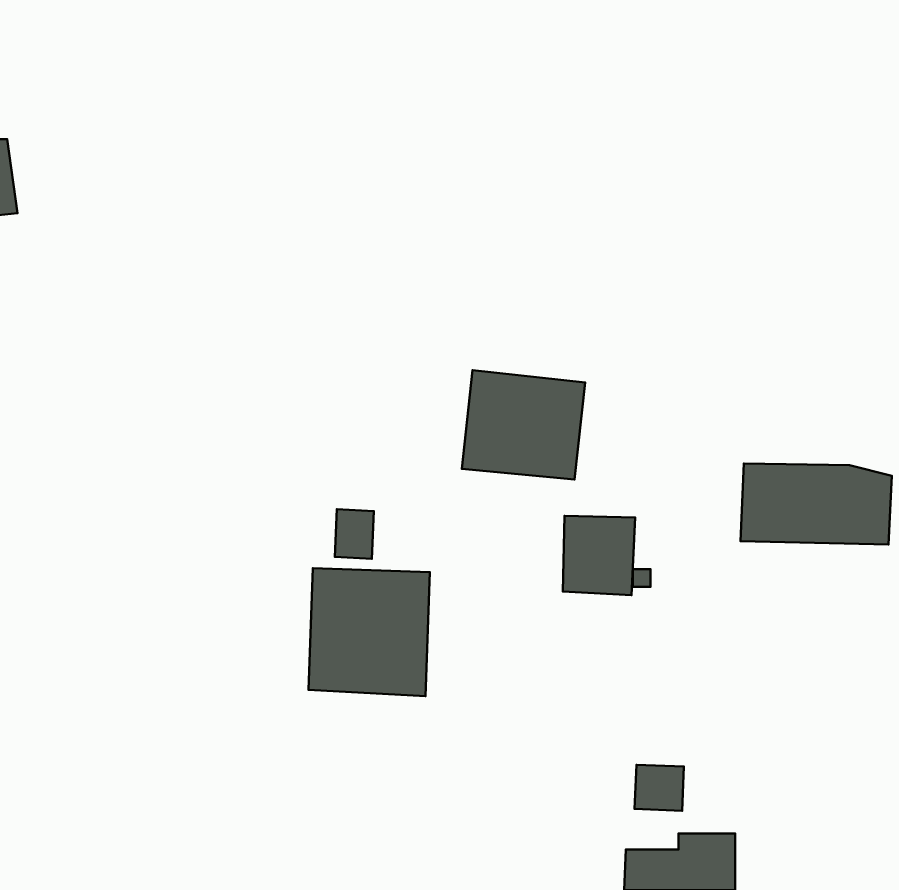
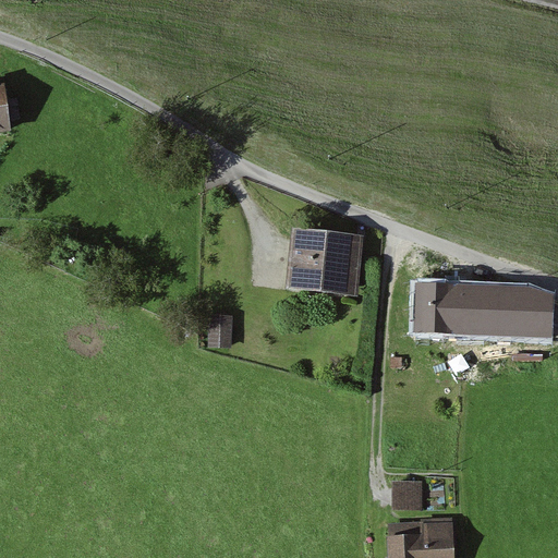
building: [563,516,635,595] -> [415,286,460,335]
building: [308,568,430,696] -> none

